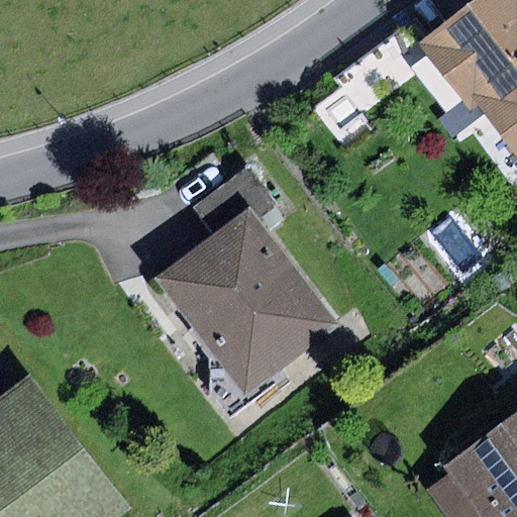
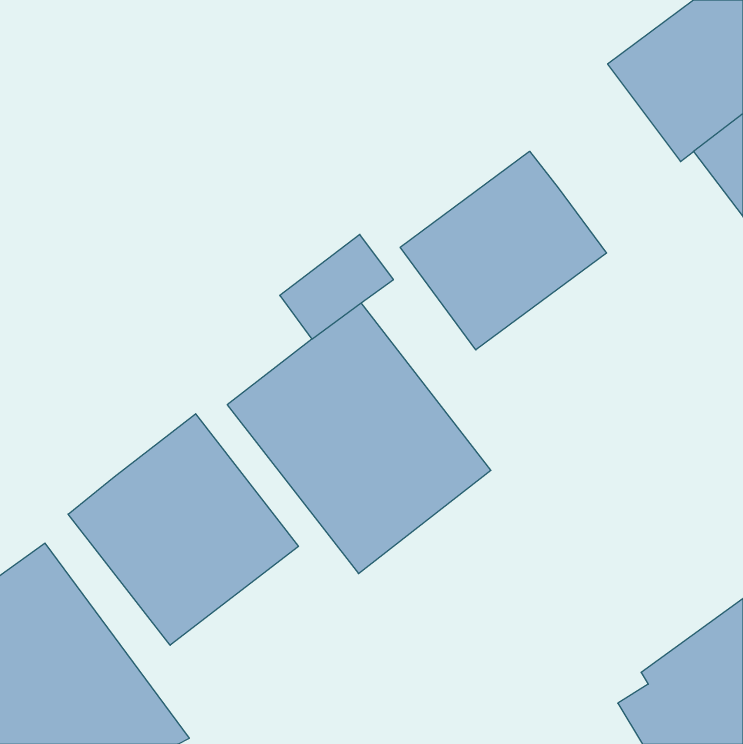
building: none -> [400,151,607,350]
building: none -> [68,414,298,645]

